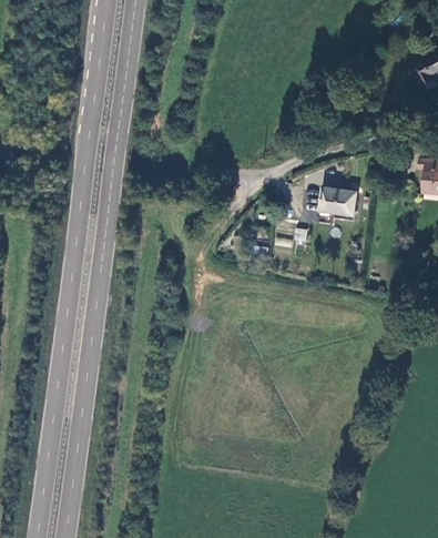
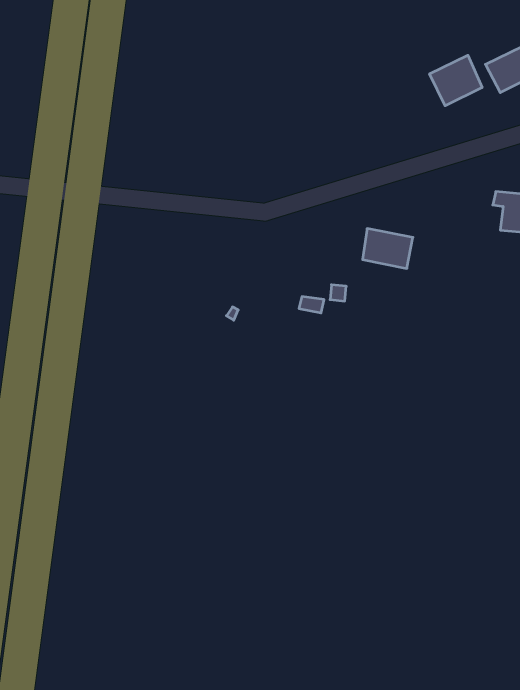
building: none -> [430,55,482,106]

